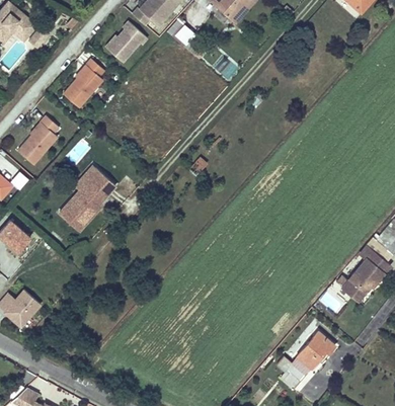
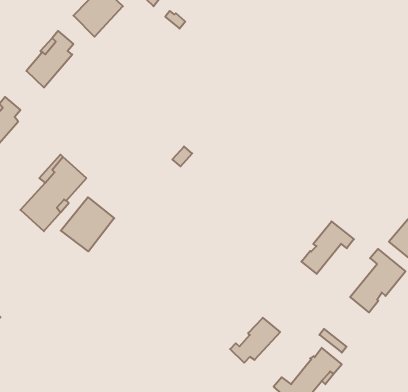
building: none -> [61,197,114,251]
building: none -> [301,221,354,274]
building: none -> [230,318,280,363]

